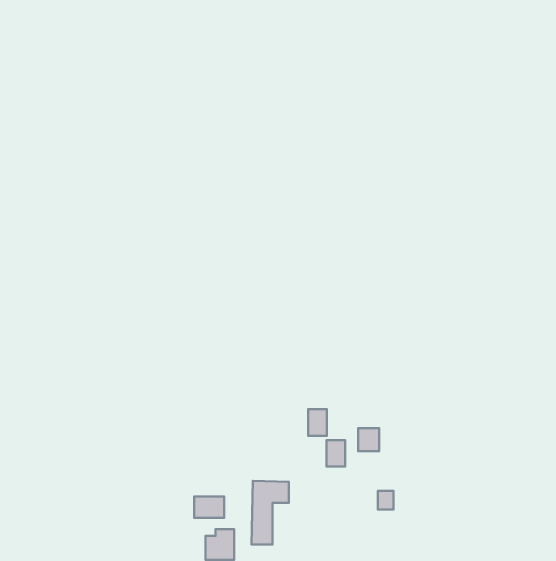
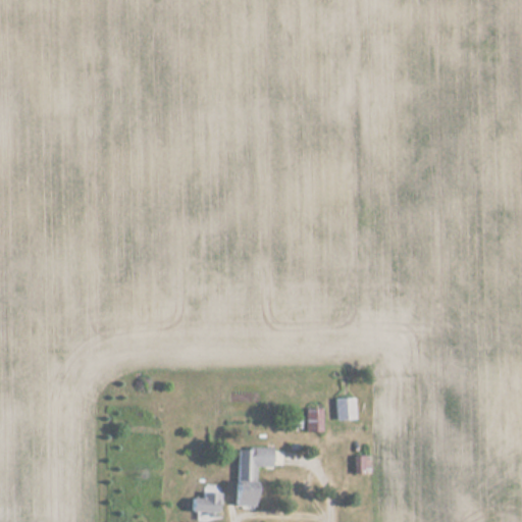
building: [308,409,327,436] -> none
building: [194,497,224,518] -> none

